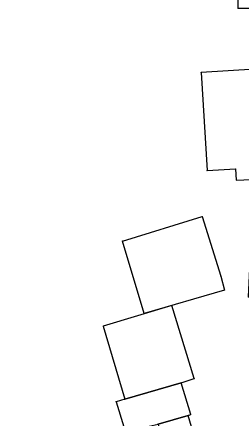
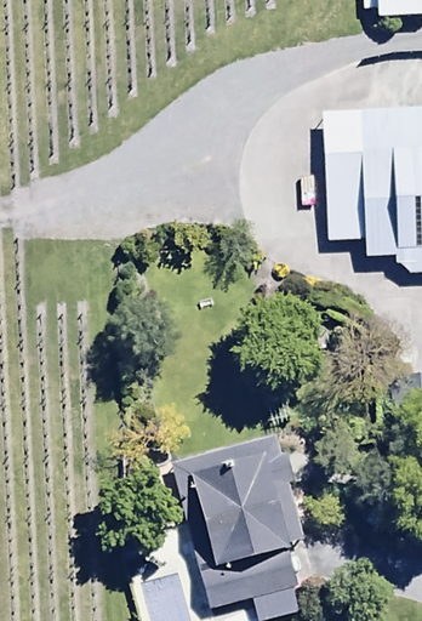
building: [122,217,224,314] -> none

